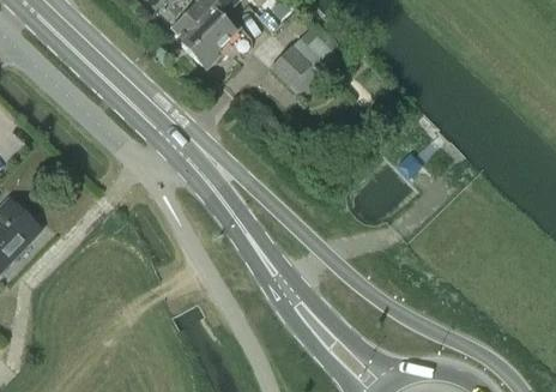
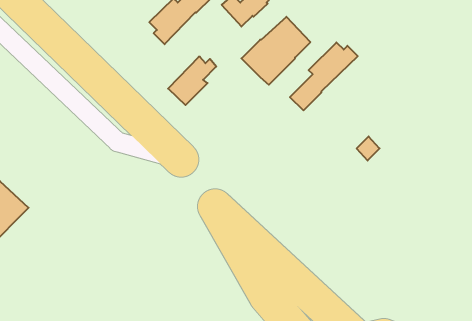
building: [187,14,240,67] -> [168,57,216,105]
building: none -> [290,42,358,110]

